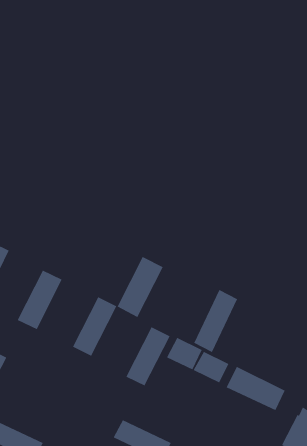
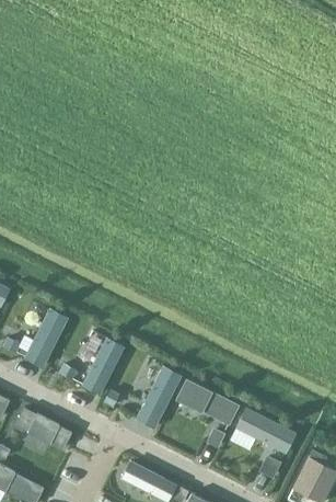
building: [117,256,164,318] -> none
building: [193,289,238,353] -> none
building: none -> [14,406,74,449]

